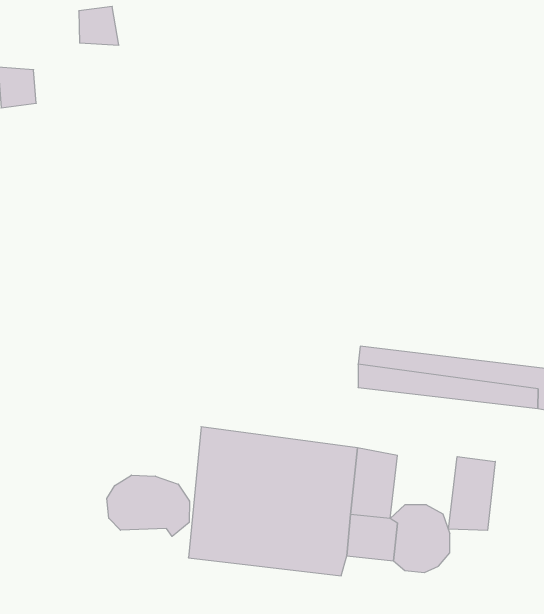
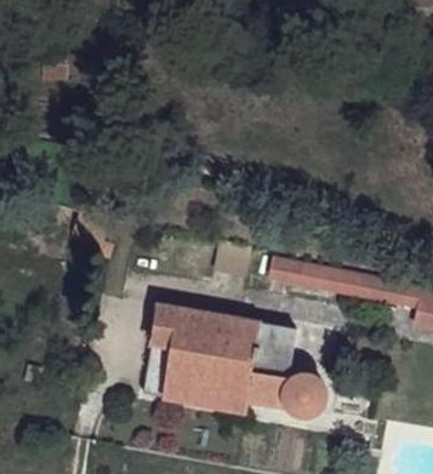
building: [449,457,495,530] -> none
building: [107,475,189,536] -> none

